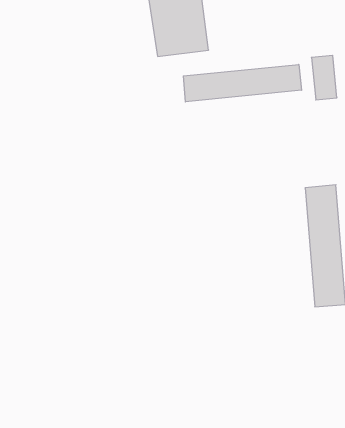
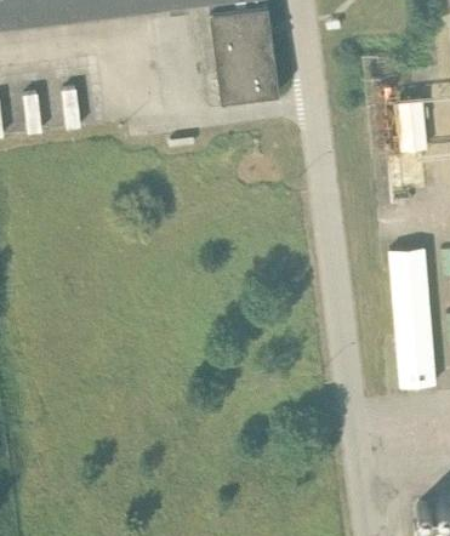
building: [183,64,302,102] -> none

